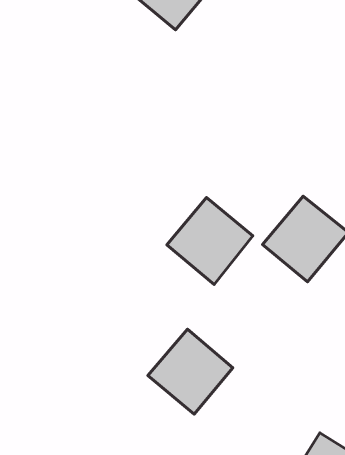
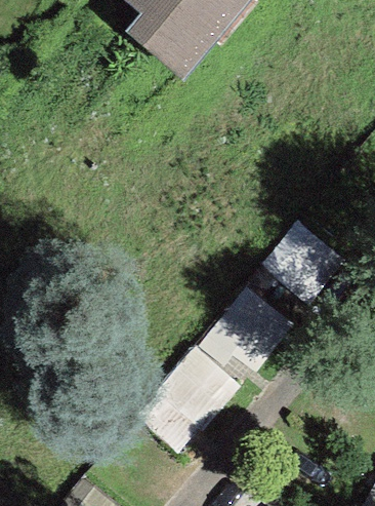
building: [167,197,253,284] -> [207,290,287,372]

